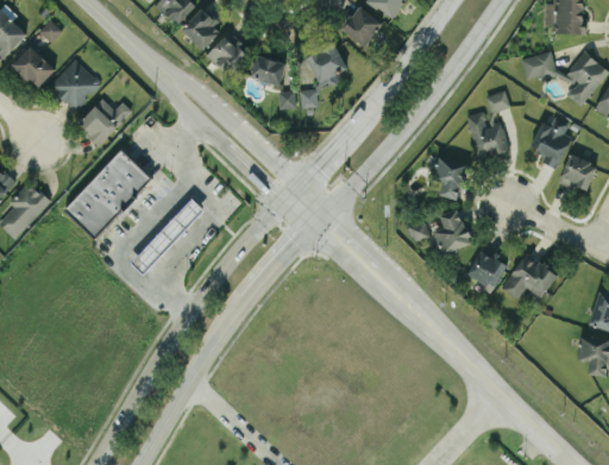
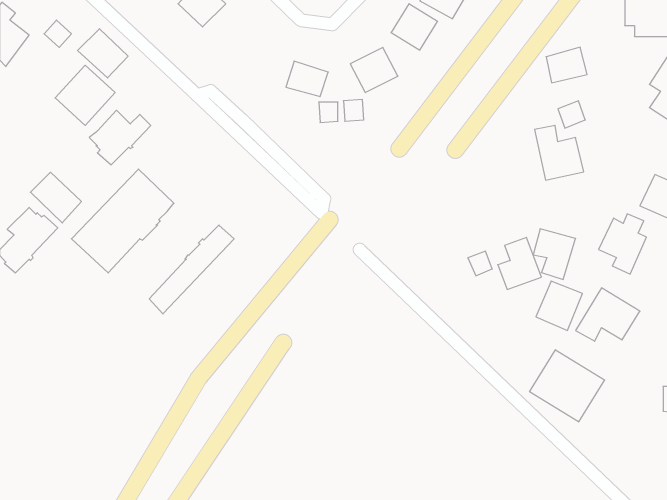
building: [182,7,221,48] -> none
building: [207,33,249,75] -> none
building: [12,45,56,88] -> [78,29,128,78]
building: [521,50,557,81] -> [546,47,587,83]
building: [529,117,571,169] -> [599,214,646,274]
building: none -> [30,172,81,223]
building: [432,156,469,200] -> [533,229,576,279]
building: none -> [530,350,605,422]

